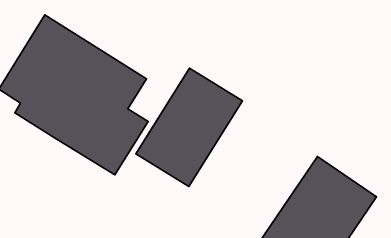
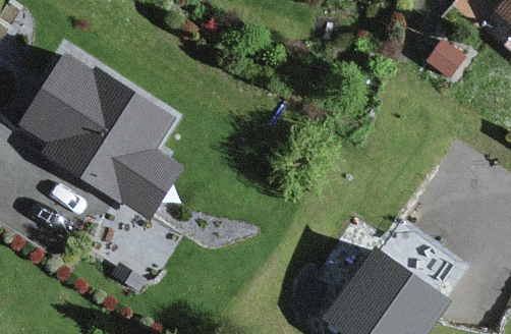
building: [136,68,242,187] -> none

